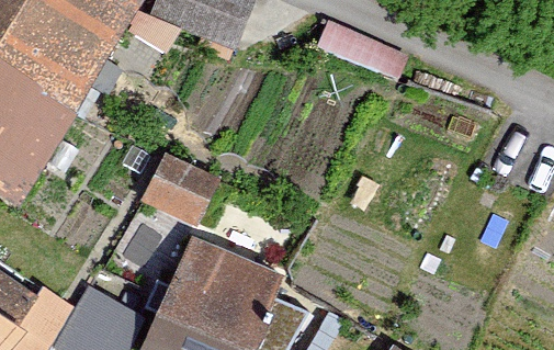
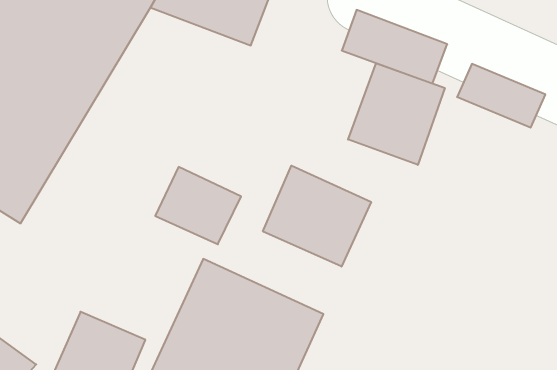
building: none -> [348,63,445,165]
building: none -> [263,166,371,267]

